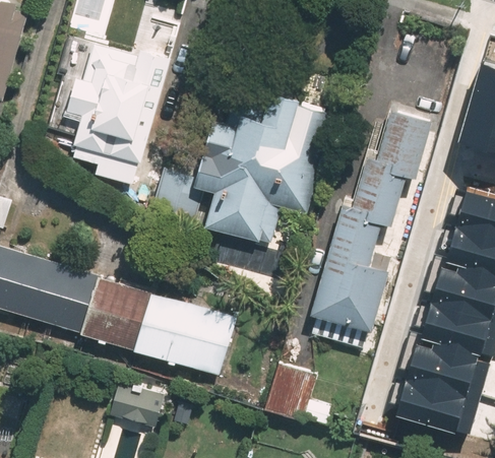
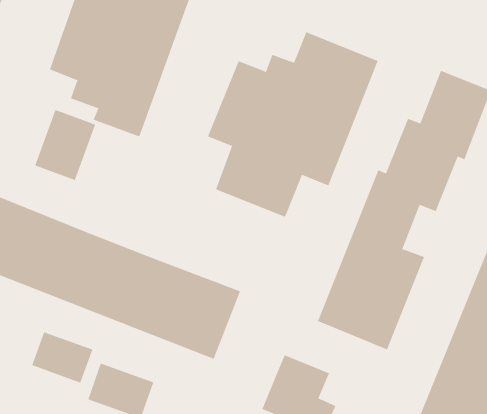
building: none -> [35,109,96,181]
building: none -> [31,331,93,383]

